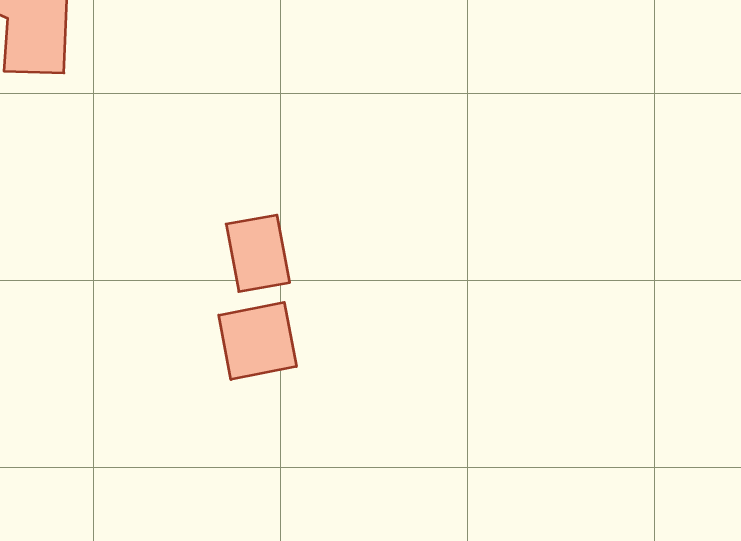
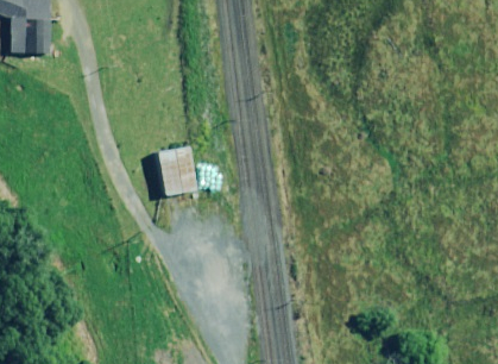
building: [219,302,296,380] -> none

